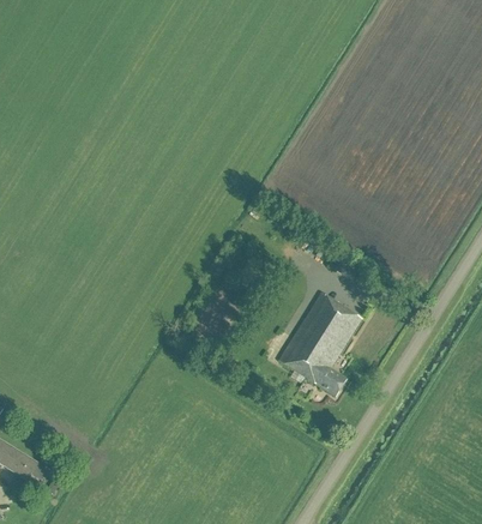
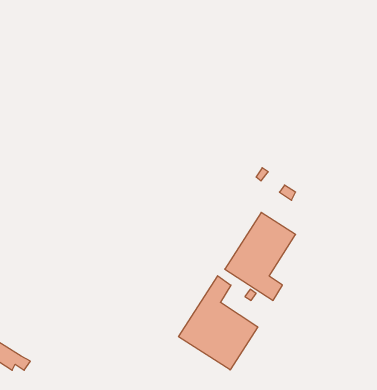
building: none -> [179,276,258,370]

